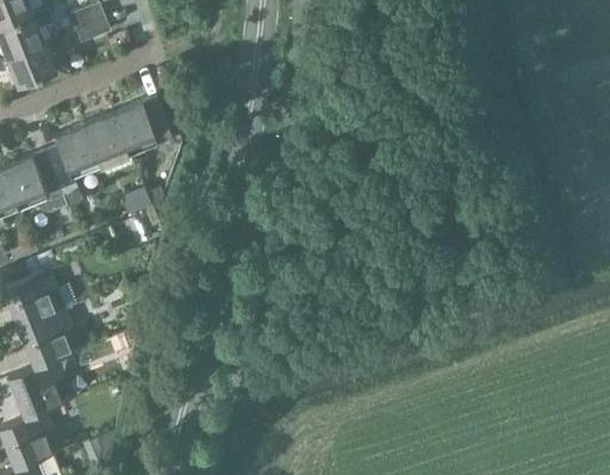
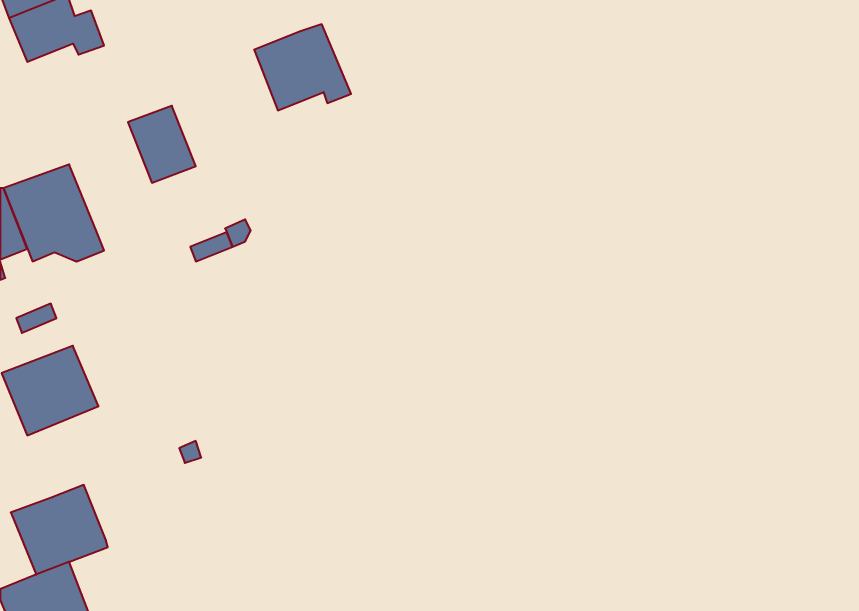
building: [112,96,175,152] -> [254,24,351,110]
building: [45,124,99,195] -> none
building: [18,308,81,368] -> none

